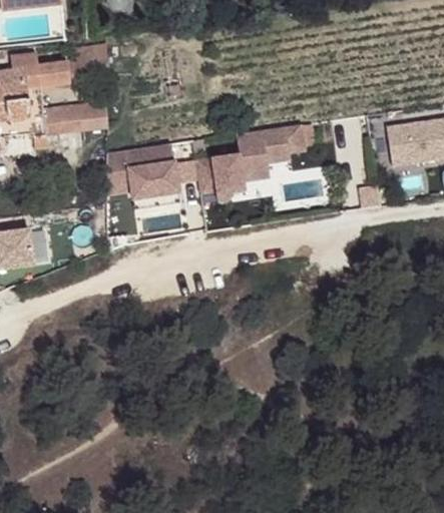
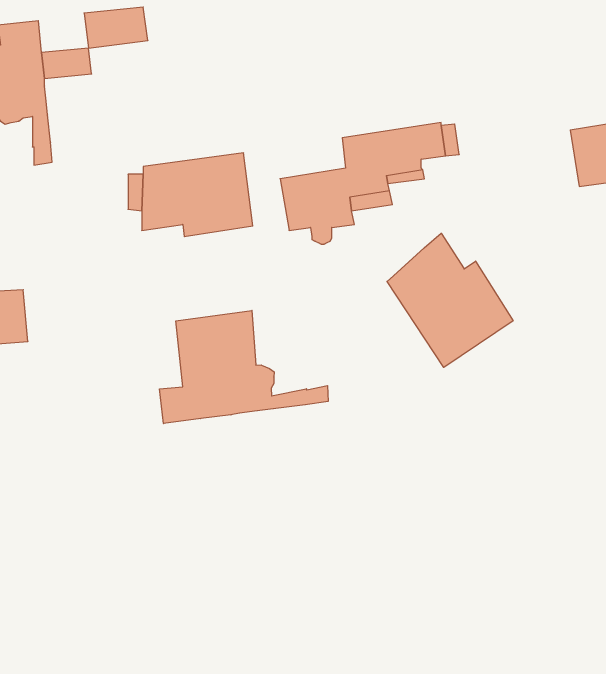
building: [42,100,108,134] -> none
building: none -> [387,233,513,367]
building: none -> [160,310,328,424]

